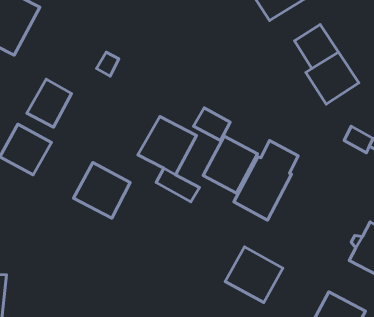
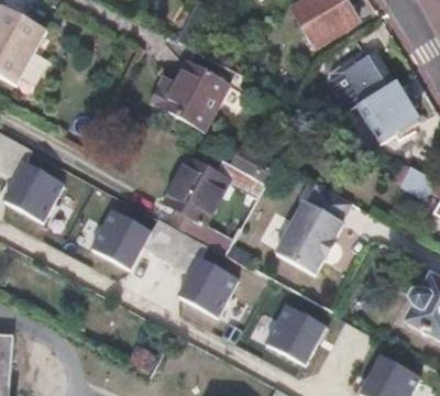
building: none -> [157,58,230,133]
building: [27,79,72,127] -> none
building: [203,136,257,193] -> none
building: none -> [179,257,241,319]

